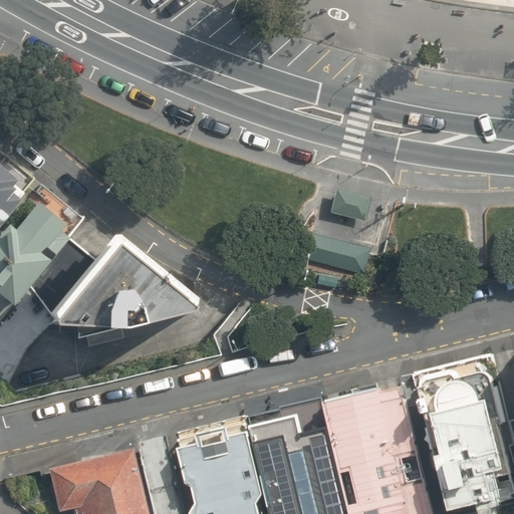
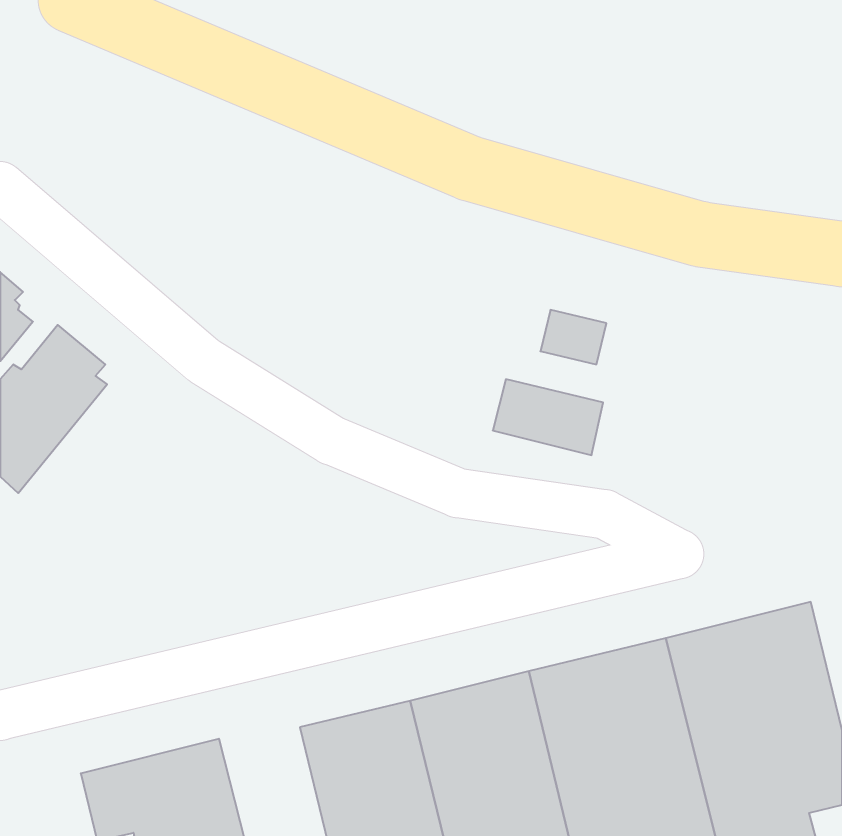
building: [46,227,192,329] -> none

